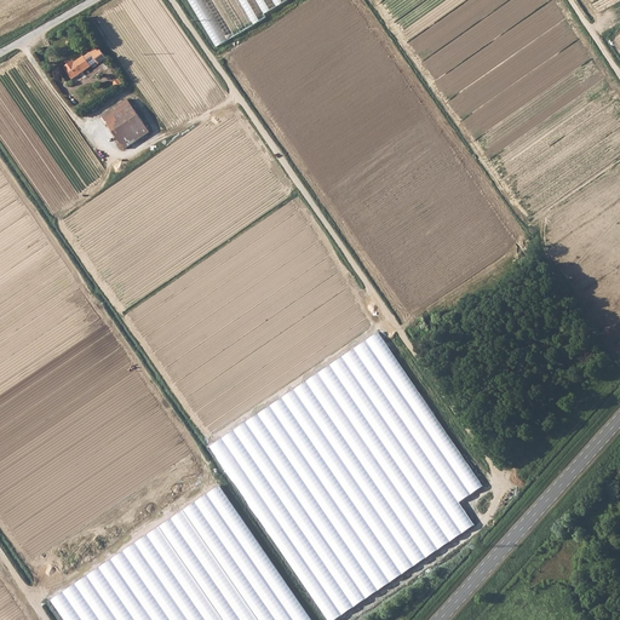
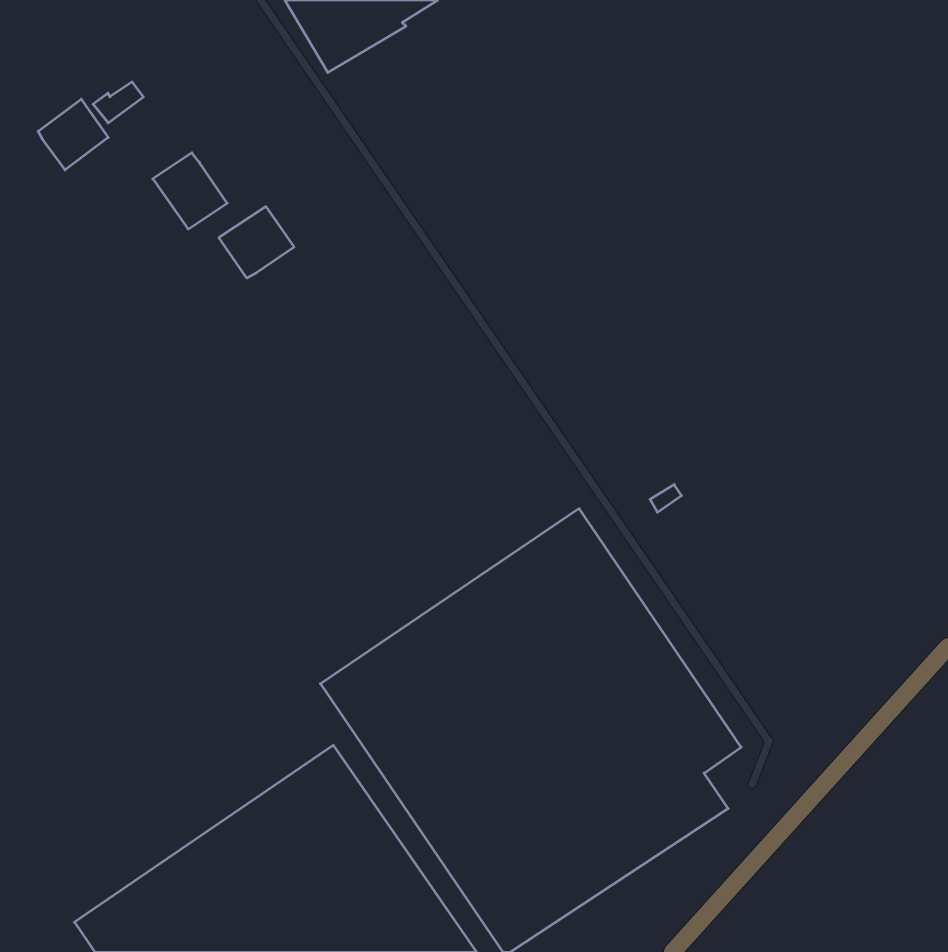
building: none -> [38,99,108,170]
building: none -> [219,207,294,278]

